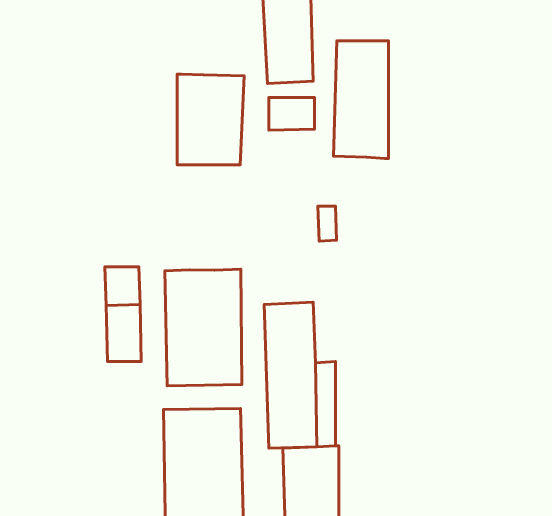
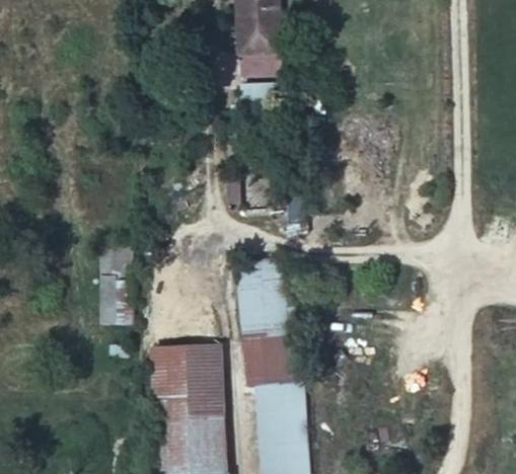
building: [333,41,388,158] -> none
building: [177,74,244,165] -> none
building: [165,269,242,386] -> none

